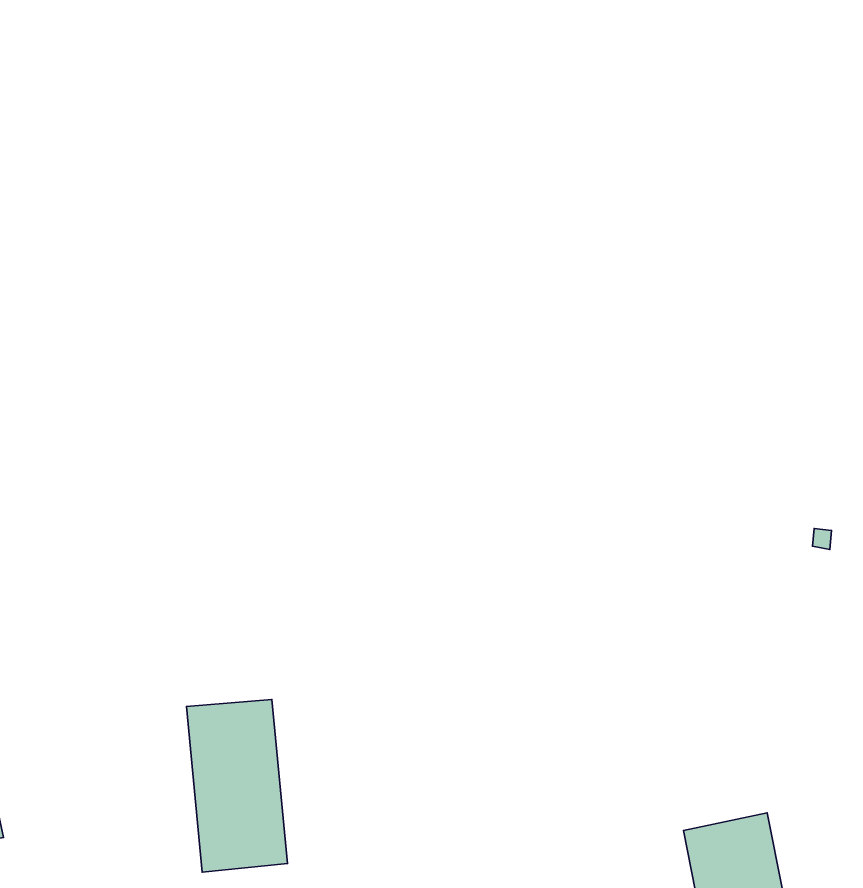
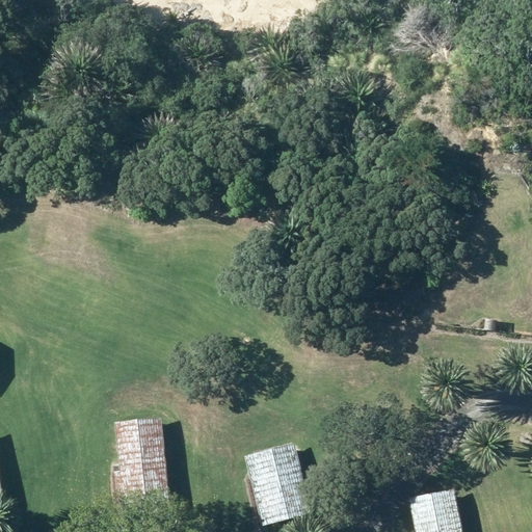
building: none -> [249,445,315,527]

